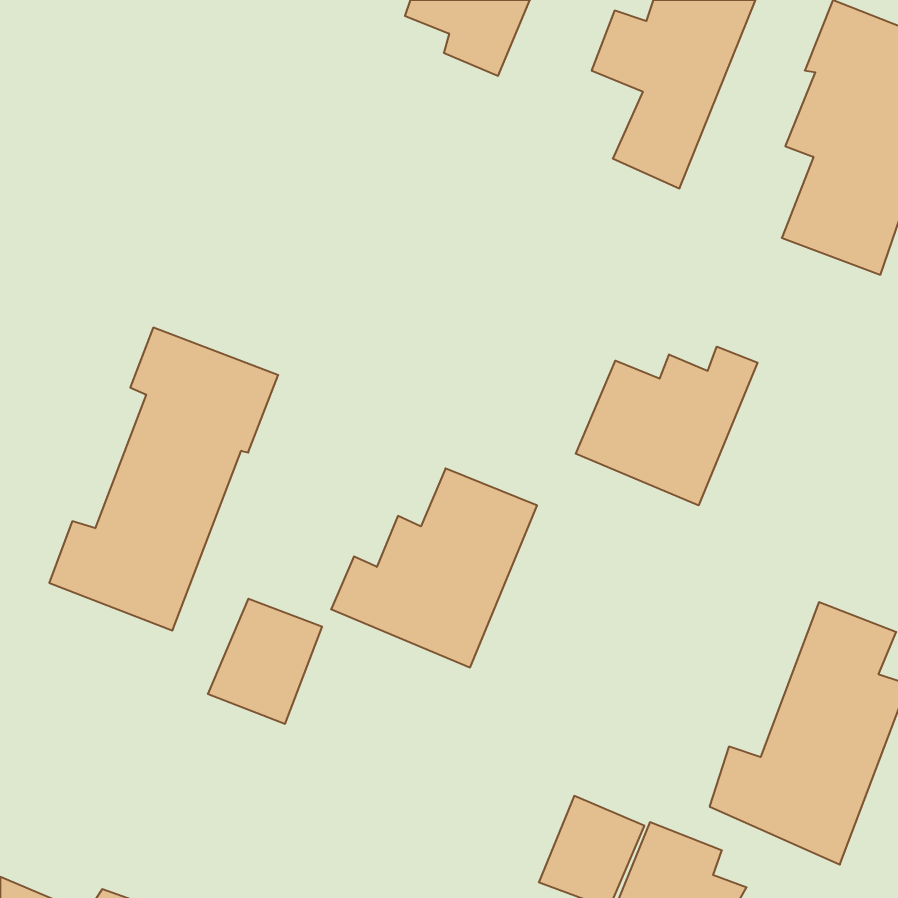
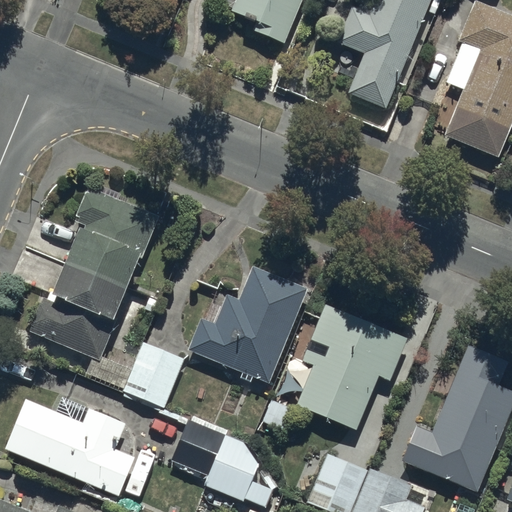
building: [576,347,758,505] -> none
building: none -> [296,304,407,429]
building: none -> [5,398,135,496]
building: none -> [171,416,280,505]

